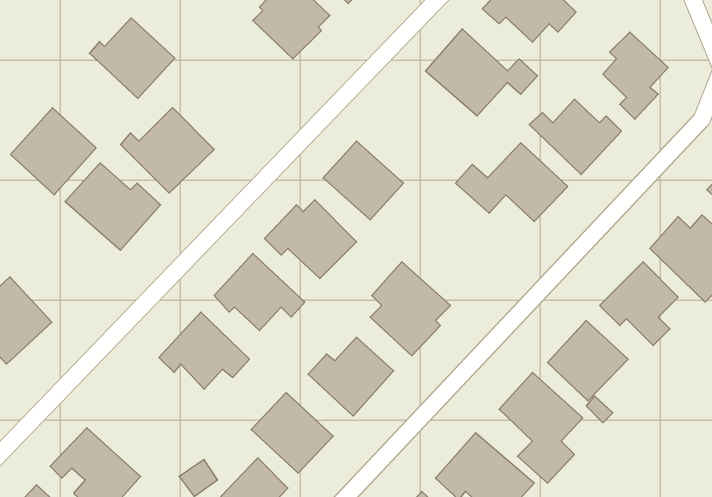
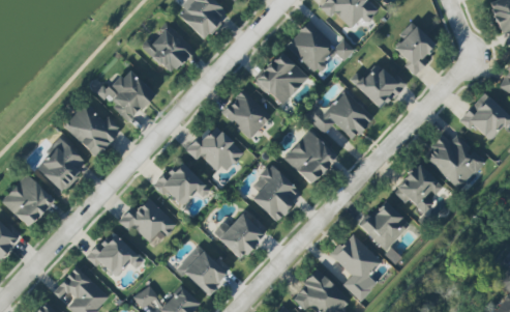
building: [89,18,175,98] -> [142,25,194,75]
building: none -> [256,52,309,106]
building: [11,108,96,195] -> [35,139,88,193]
building: none -> [283,131,337,185]
building: none -> [87,231,144,278]

